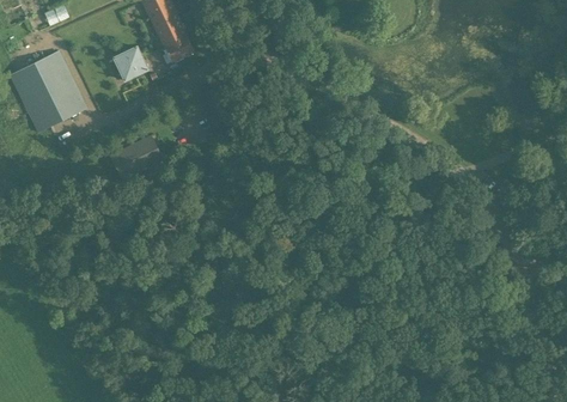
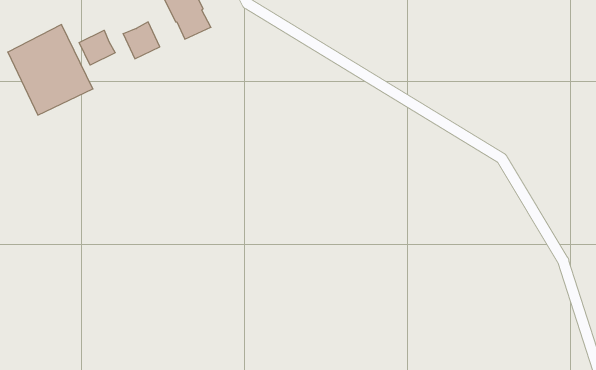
building: none -> [79,30,115,65]
building: [111,136,161,178] -> none

